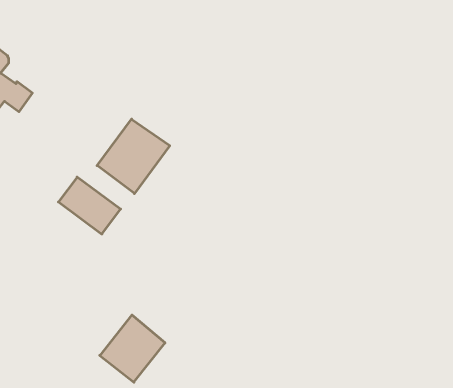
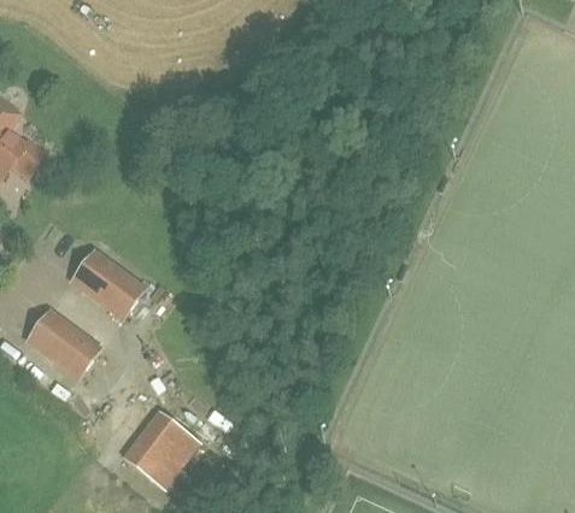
building: [97,119,170,194] -> none
building: none -> [29,311,101,377]

